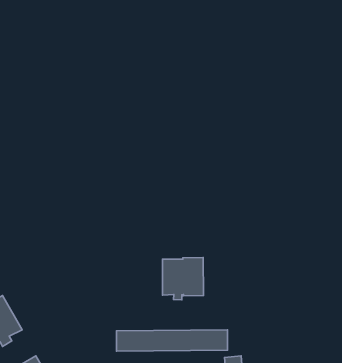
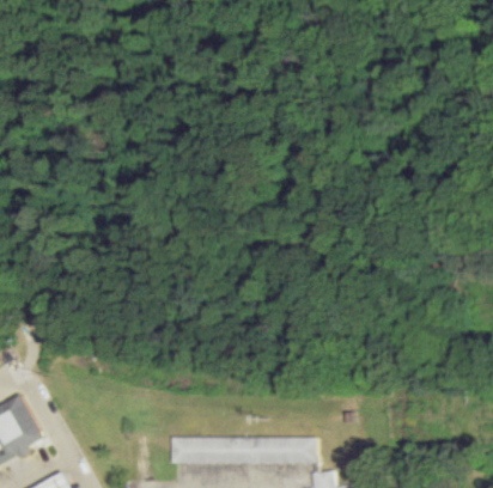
building: [162,258,204,300] -> none

